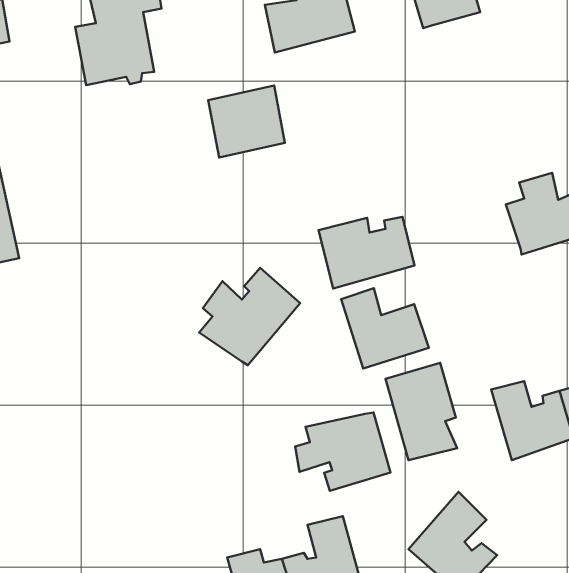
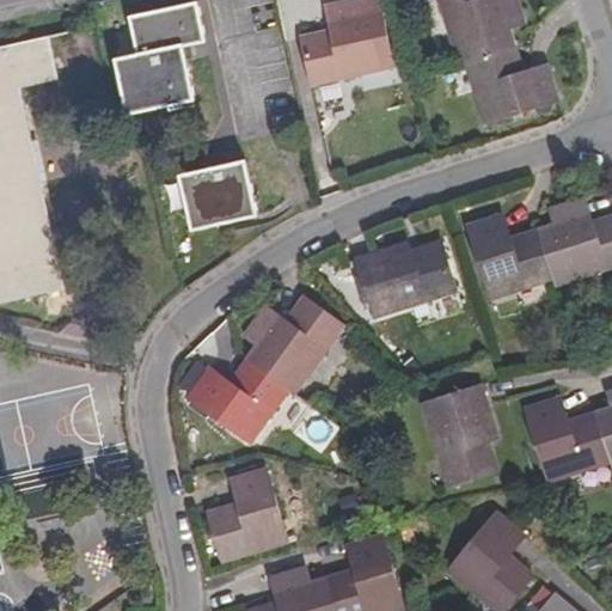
building: none -> [469,42,558,118]
building: [208,86,285,157] -> [182,159,257,230]
building: [341,288,429,369] -> [470,215,556,294]
building: none -> [179,356,282,439]
building: [295,412,391,491] -> none
building: none -> [203,468,279,557]

